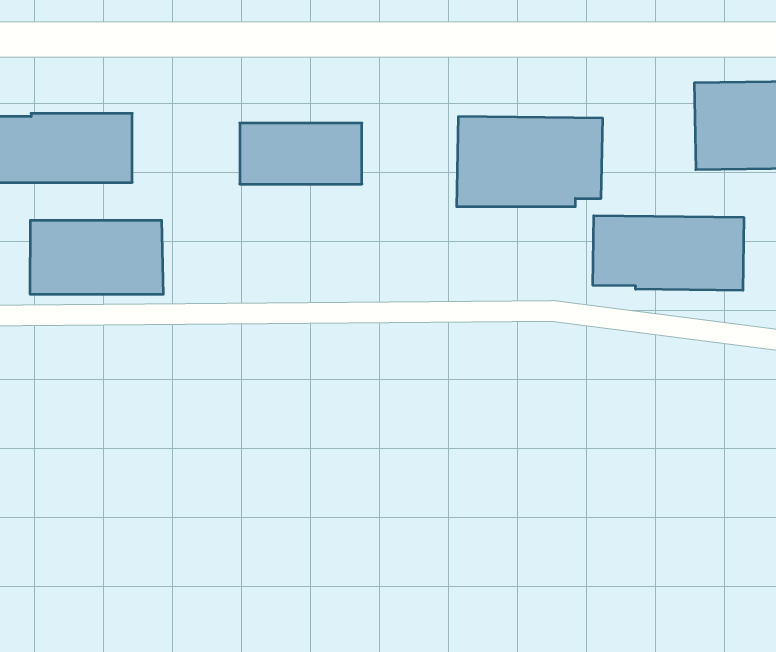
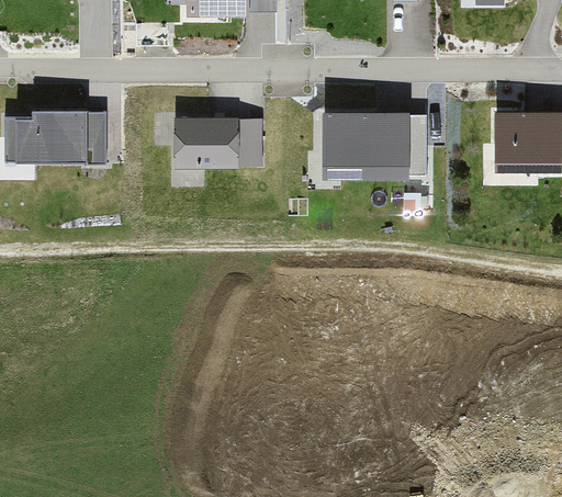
building: [593,216,744,290] -> none
building: [30,220,163,294] -> none

